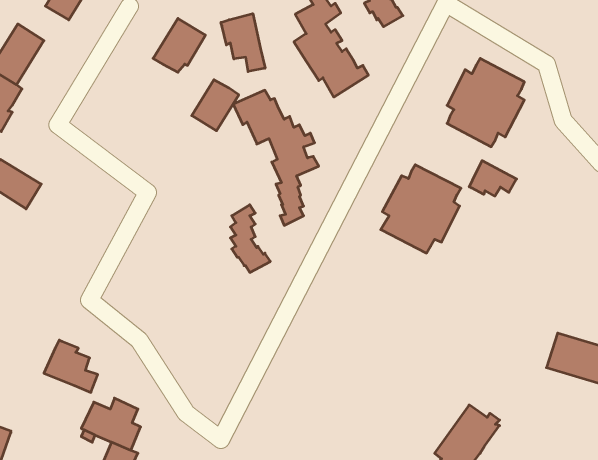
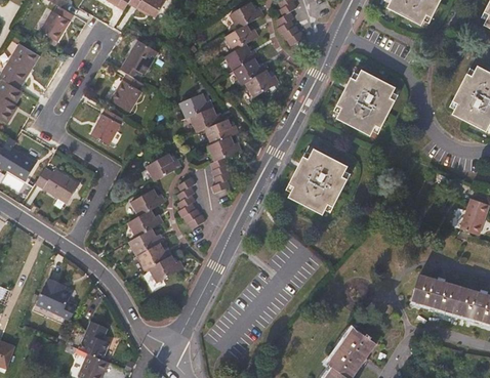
building: [221,14,265,72] -> none
building: [192,80,239,131] -> [110,74,145,112]
building: none -> [90,109,123,144]
building: [469,161,517,196] -> none
building: none -> [146,154,180,181]
building: none -> [35,168,78,203]
building: none -> [128,188,183,284]

